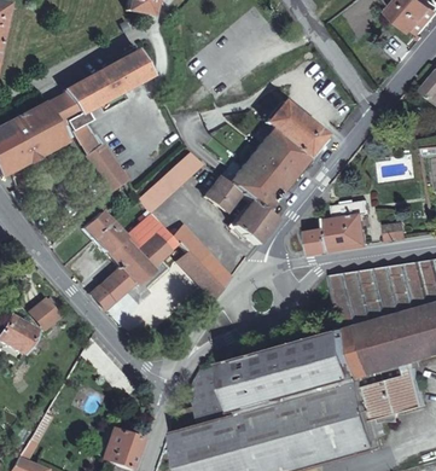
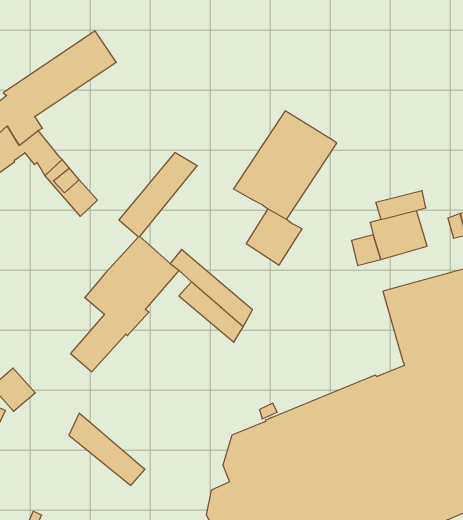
building: [268,101,325,155] -> none
building: [207,175,243,211] -> none
building: [83,209,126,251] -> none

